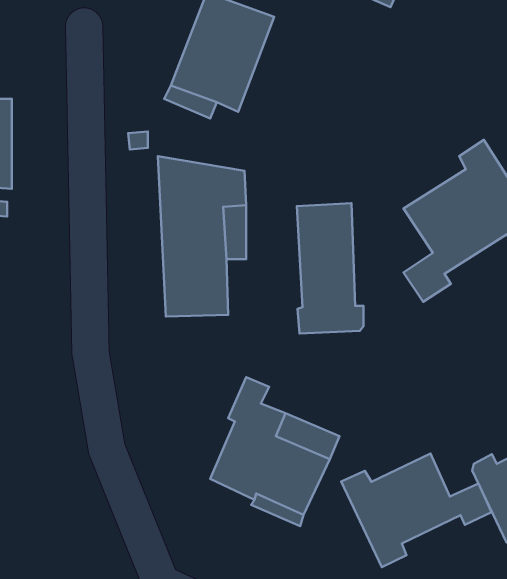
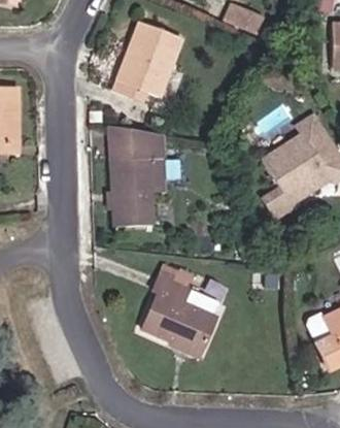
building: [297,203,364,334] -> none
building: [341,454,491,567] -> none

